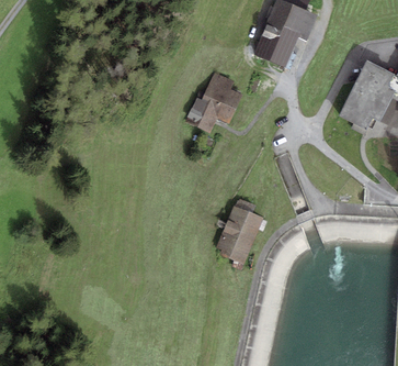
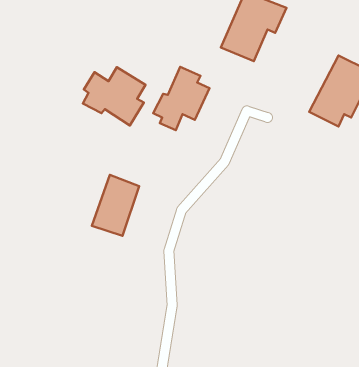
building: none -> [83,67,146,125]
building: [214,209,260,268] -> [92,175,139,236]

